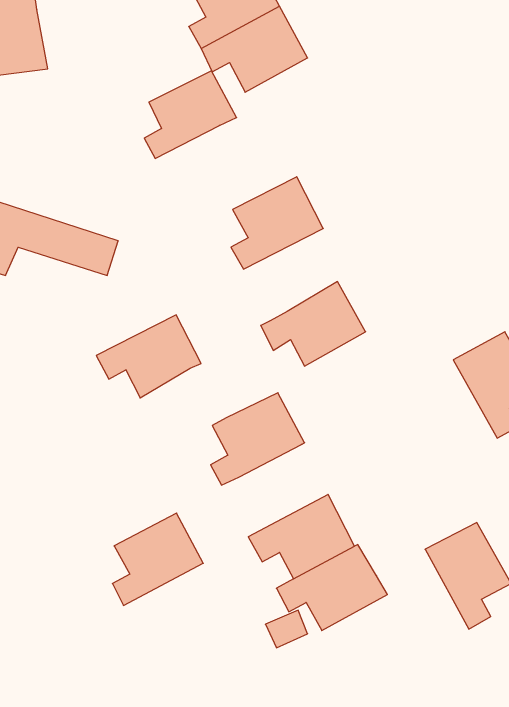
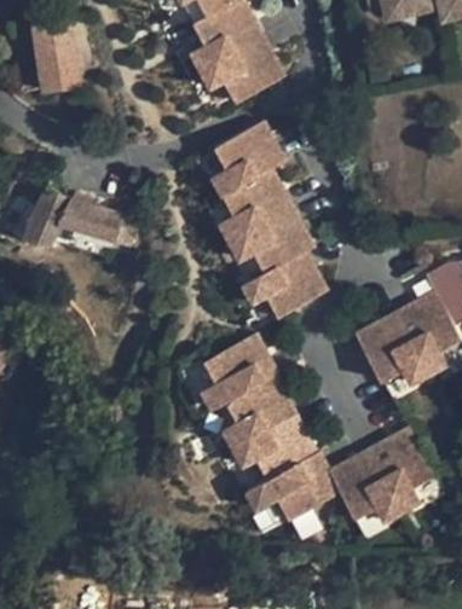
building: [144,71,237,158] -> [213,127,284,195]
building: [96,315,201,398] -> [230,209,311,273]
building: none -> [352,311,426,381]
building: [112,513,203,605] -> [225,376,295,447]
building: none -> [333,457,404,528]

